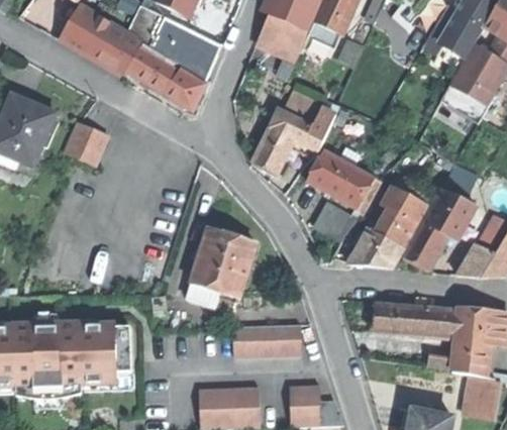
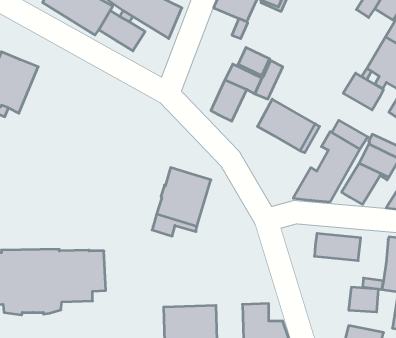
building: [164,69,204,111] -> none
building: none -> [343,73,383,110]
building: [65,122,108,165] -> none
building: [314,202,356,240] -> none
building: [423,309,458,337] -> [349,287,378,312]
building: [233,324,302,355] -> none

